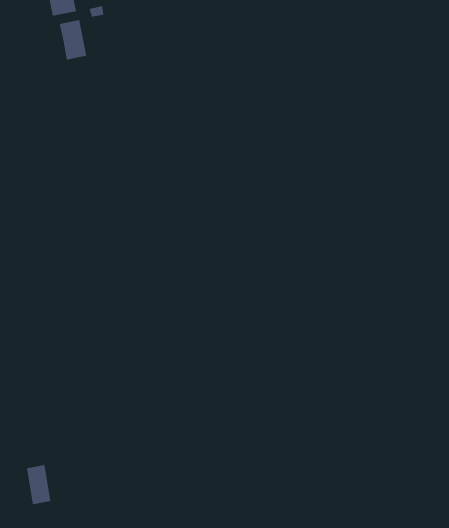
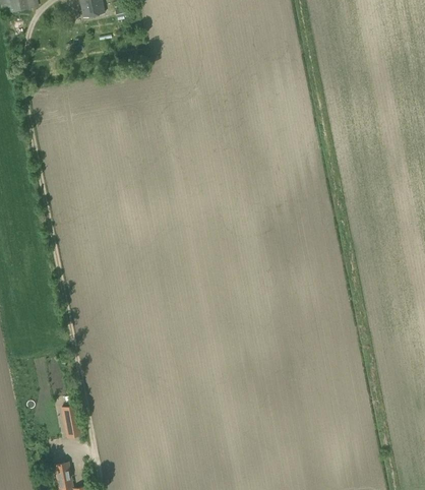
building: [59,19,87,61] -> none

